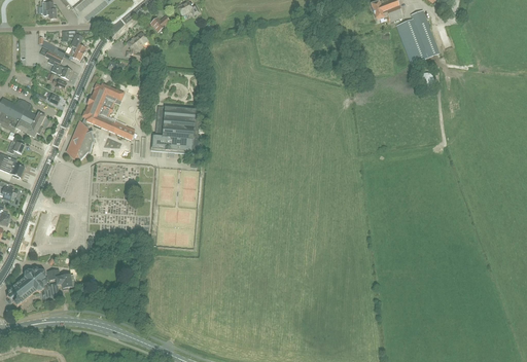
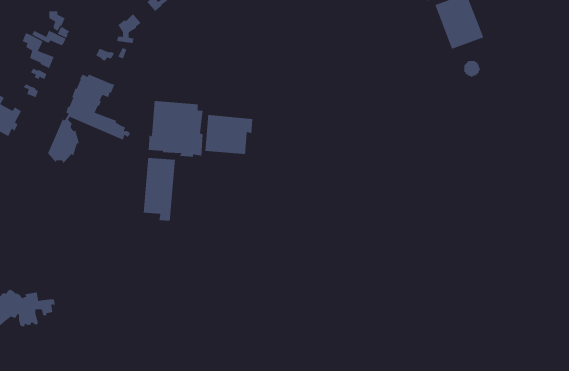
building: none -> [205,114,253,155]
building: none -> [143,157,176,221]

